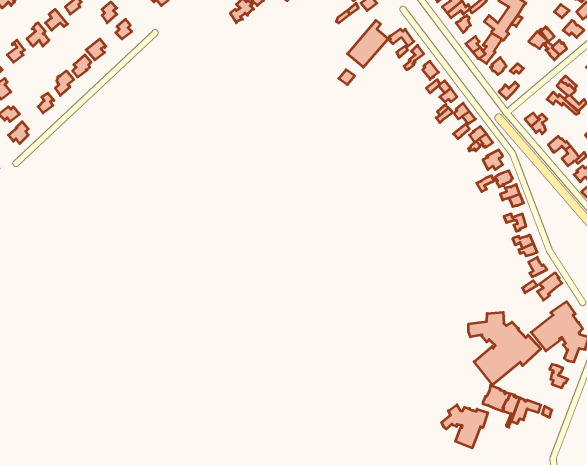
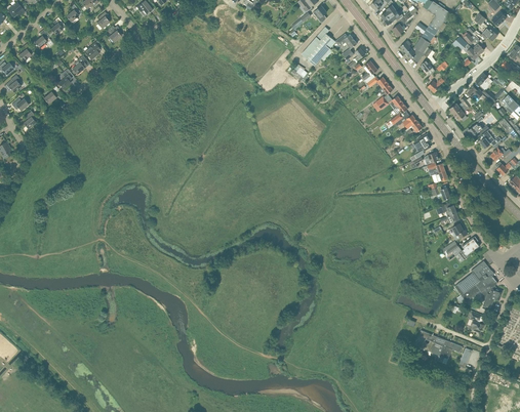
building: [468,312,541,385] -> none
building: [442,405,488,448] -> none

